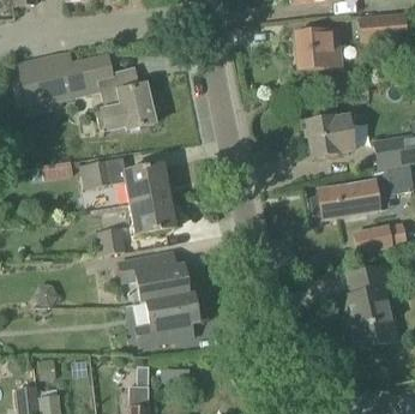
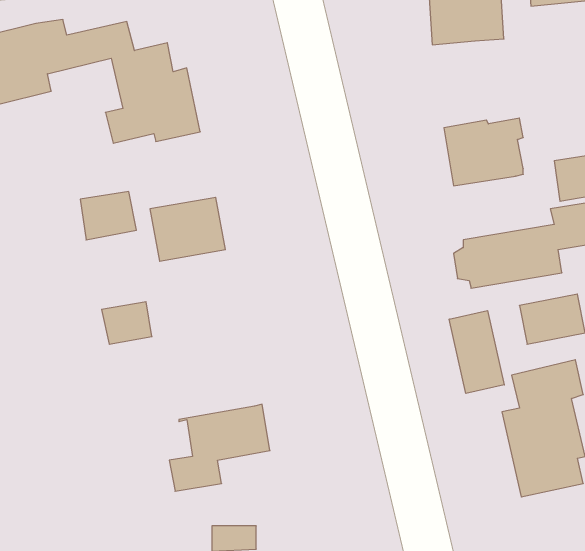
building: [130,196,176,235] -> none
building: none -> [449,311,504,393]
building: [119,257,188,301] -> none

